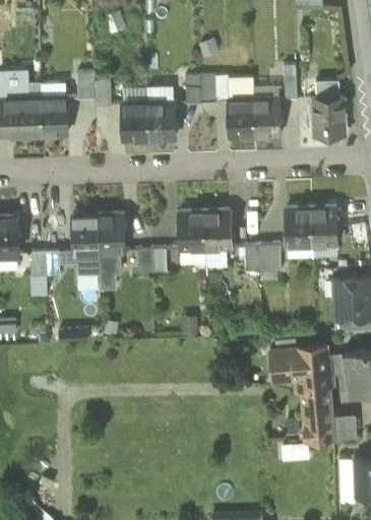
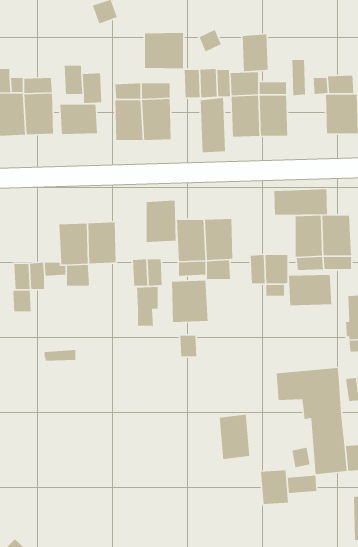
building: none -> [144,32,184,69]
building: none -> [242,34,269,72]
building: none -> [200,97,226,153]
building: none -> [60,104,98,135]
building: none -> [273,189,328,216]
building: none -> [146,200,177,243]
building: [100,251,120,287] -> [136,286,158,326]
building: none -> [288,274,332,306]
building: none -> [171,280,209,323]
building: none -> [219,414,250,460]
building: none -> [260,470,289,505]

